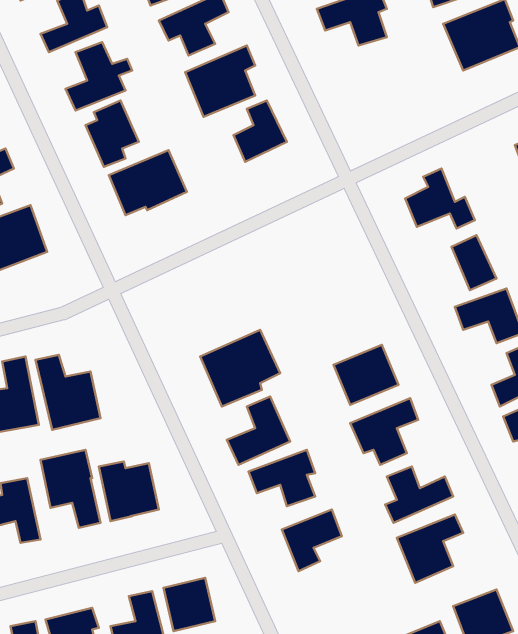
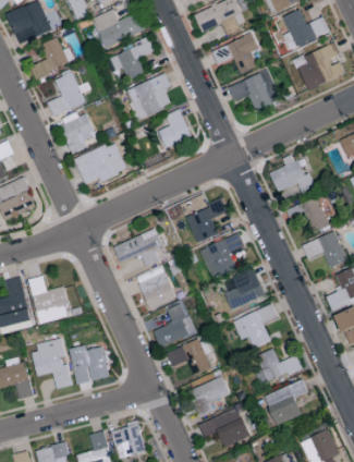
building: none -> [228,70,280,110]
building: none -> [185,200,227,243]
building: none -> [112,230,161,267]
building: none -> [200,234,245,277]
building: none -> [198,408,248,446]

